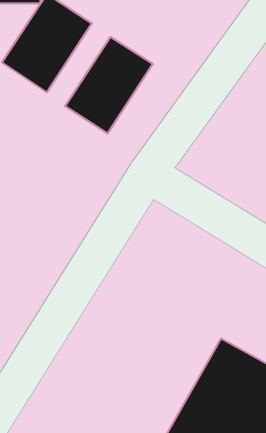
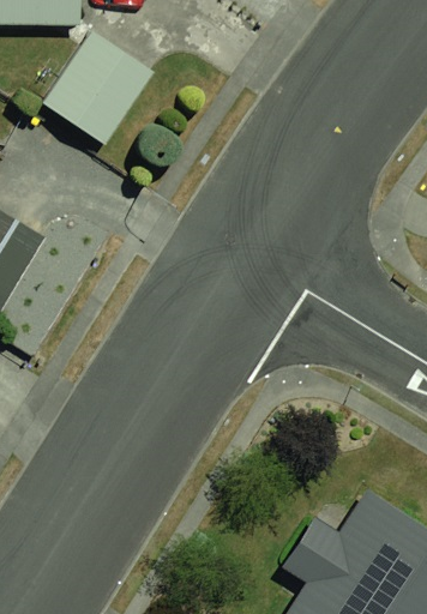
building: [65,37,153,134] -> none

